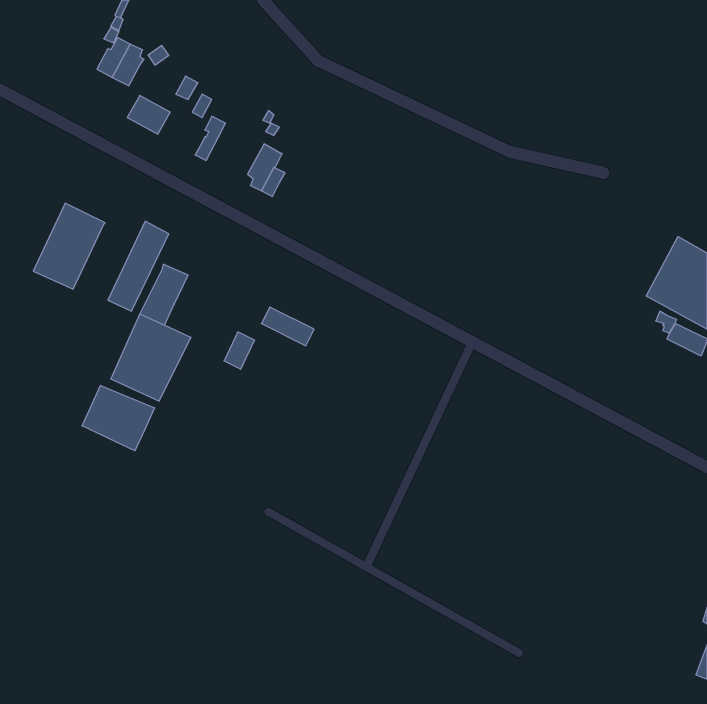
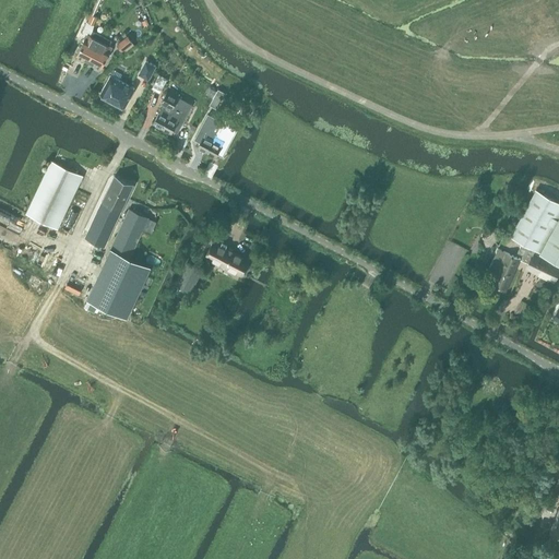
building: none -> [163,99,192,133]
building: none -> [488,250,521,293]
building: [82,385,155,451] -> none

